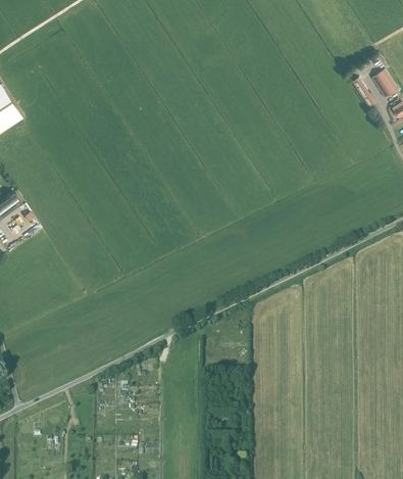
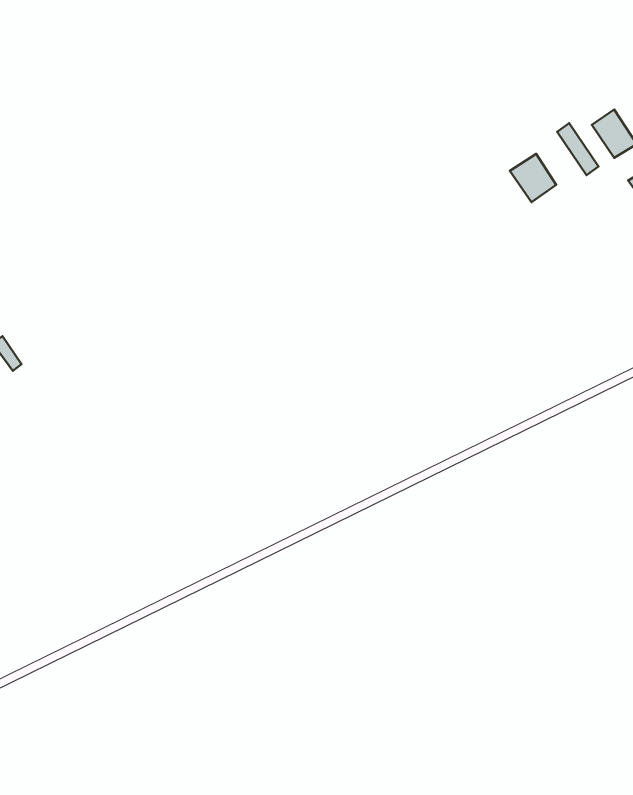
building: none -> [510,154,556,202]

